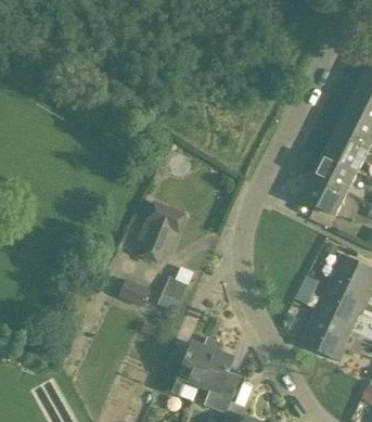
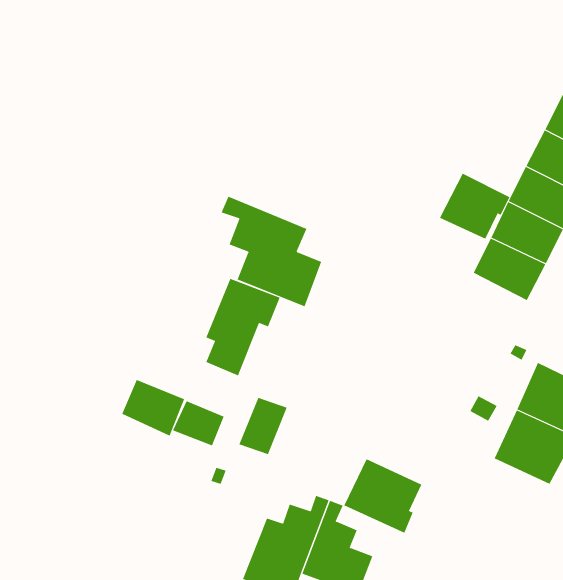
building: none -> [439,173,510,240]
building: none -> [221,196,322,307]
building: none -> [122,379,185,436]
building: [300,312,349,359] -> [344,458,422,534]

